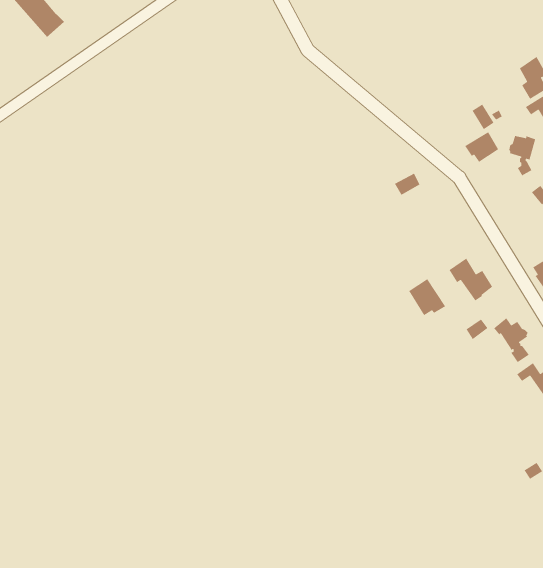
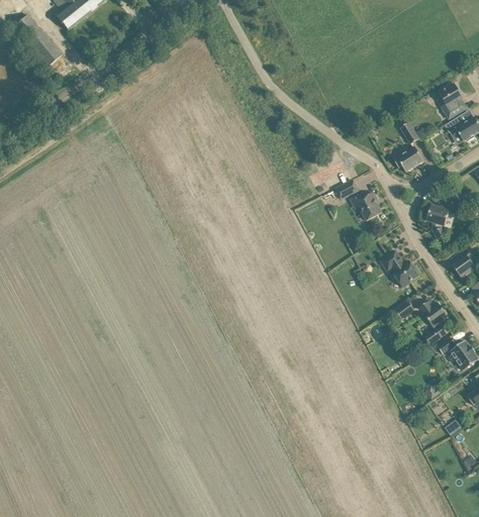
building: [508,135,536,176] -> [426,204,450,238]
building: none -> [351,192,382,219]
building: [408,278,446,316] -> none

